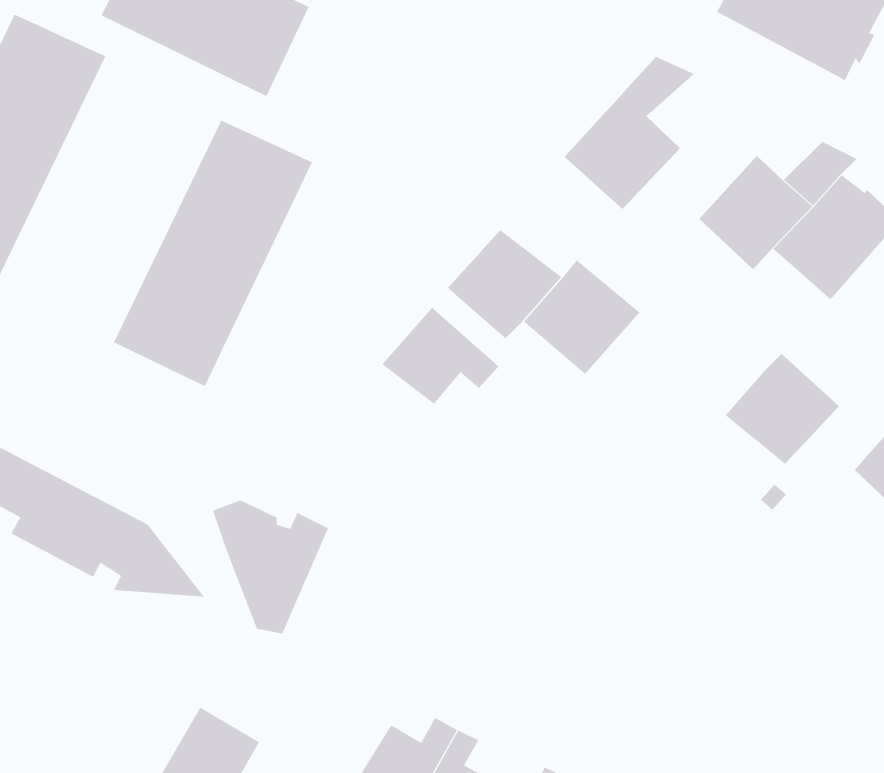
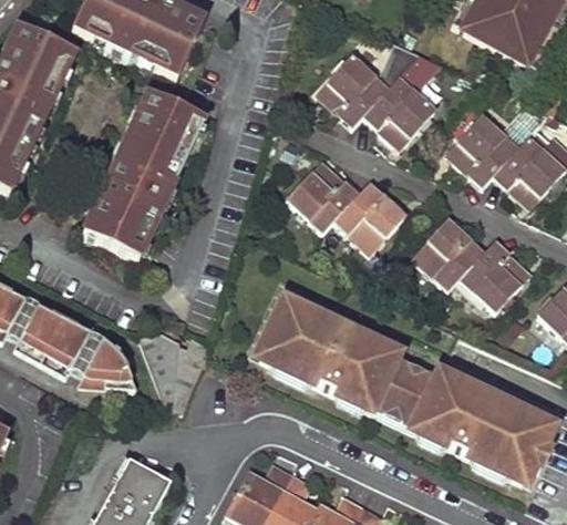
building: none -> [312,41,417,128]
building: [382,307,500,405] -> none
building: none -> [416,220,484,287]
building: none -> [261,306,551,484]

